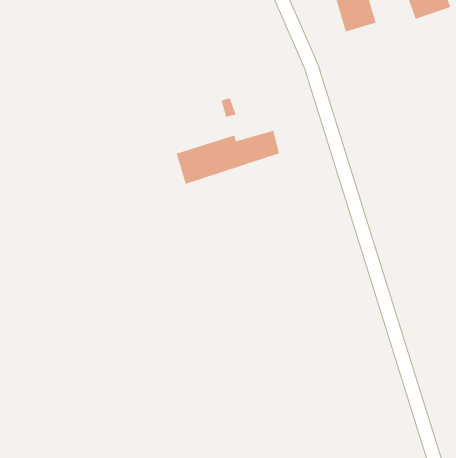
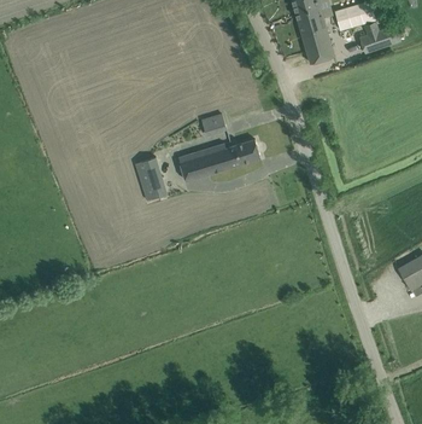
building: none -> [135,157,166,199]

